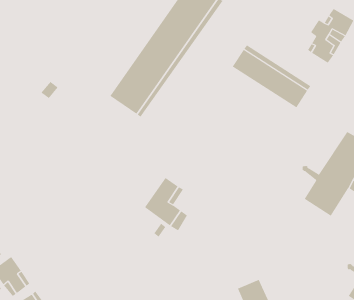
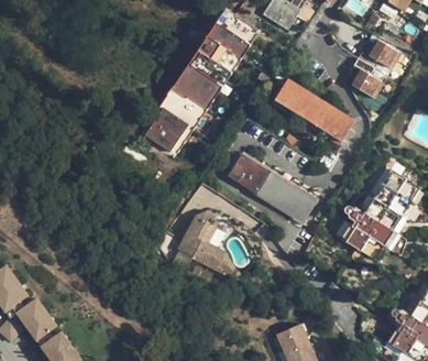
building: none -> [228,150,315,222]

